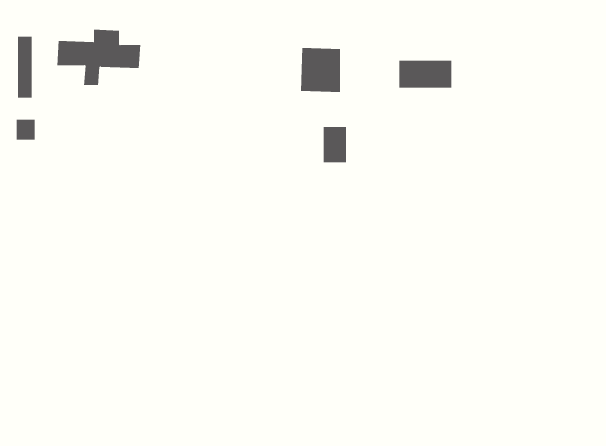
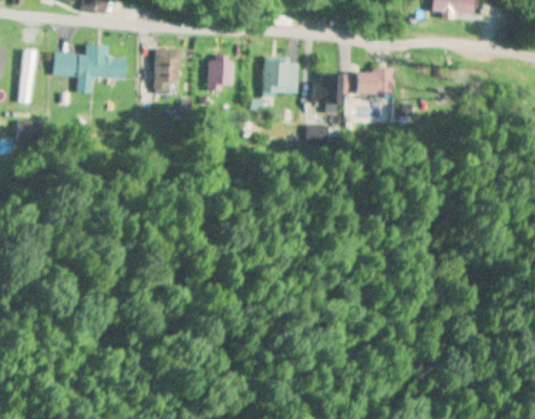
building: none -> [155,47,179,92]
building: none -> [209,56,233,91]
building: [323,126,347,163] -> [315,71,336,103]

